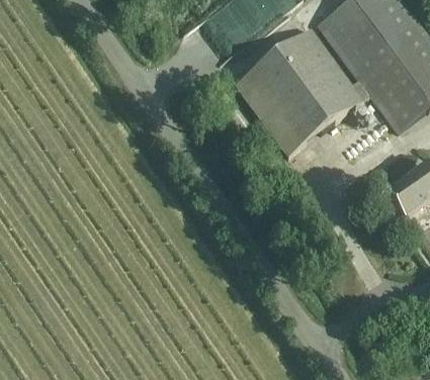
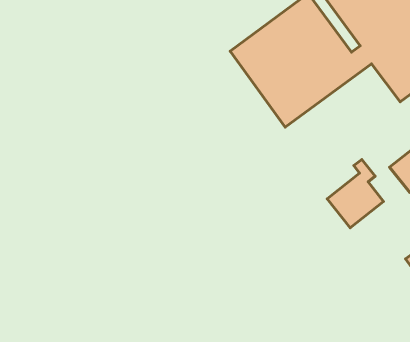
building: none -> [327,159,384,228]

